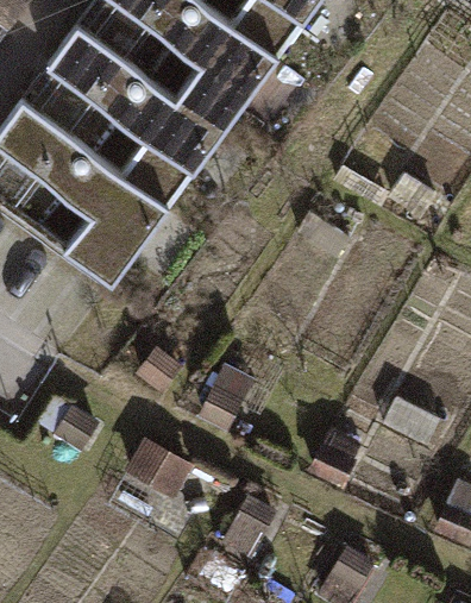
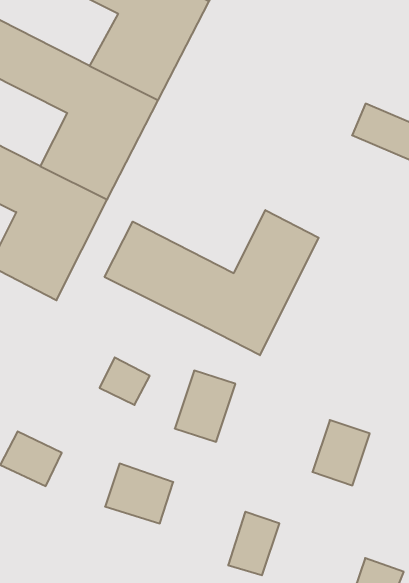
building: none -> [105,210,319,355]

